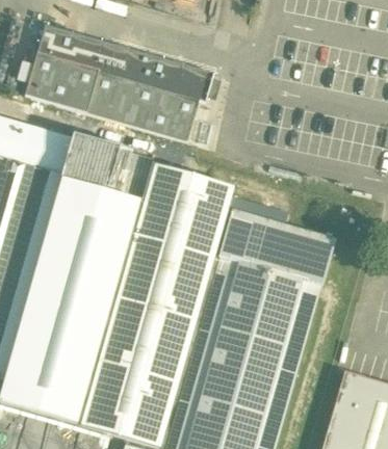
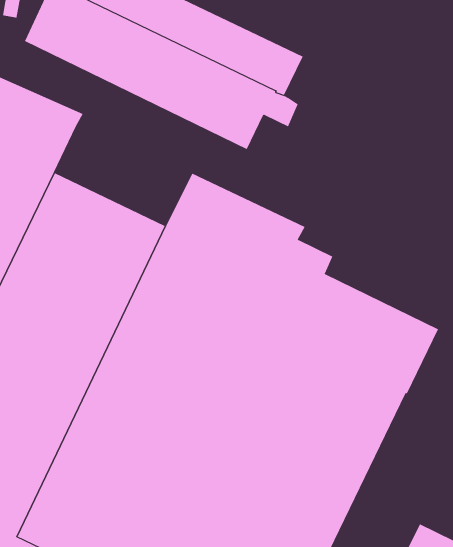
building: [60,135,153,201] -> none

